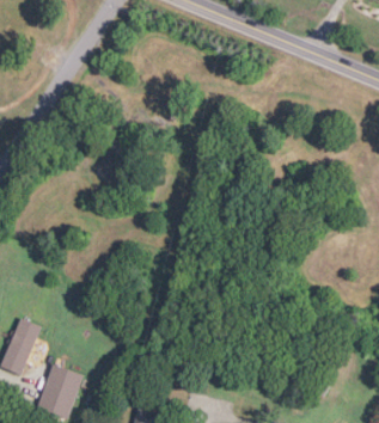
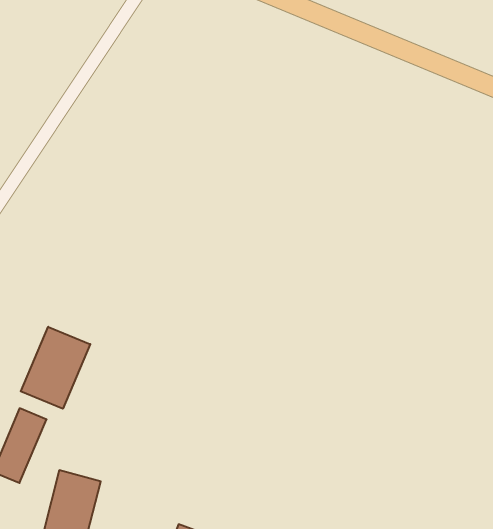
building: none -> [21,327,90,409]

